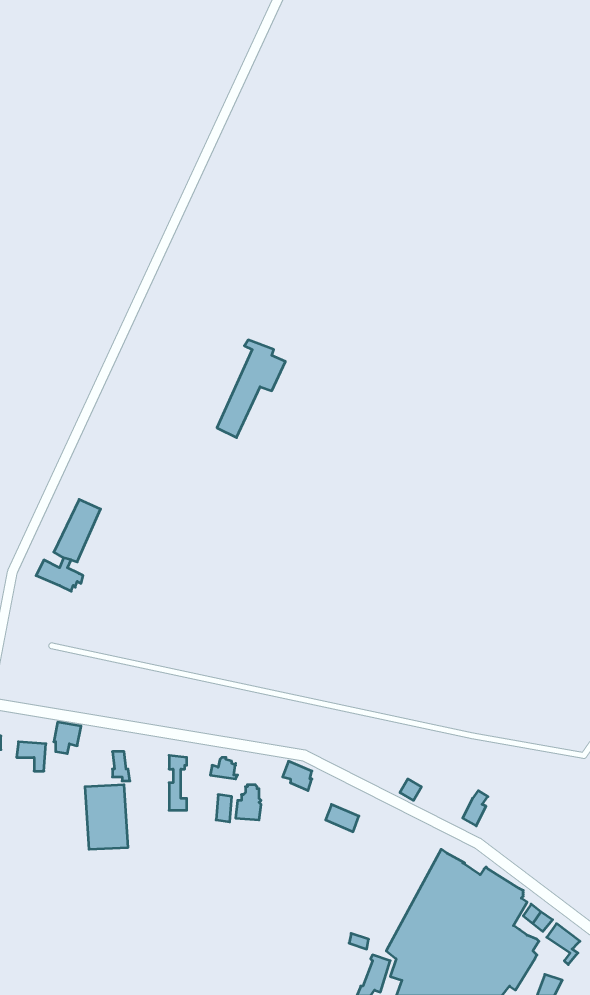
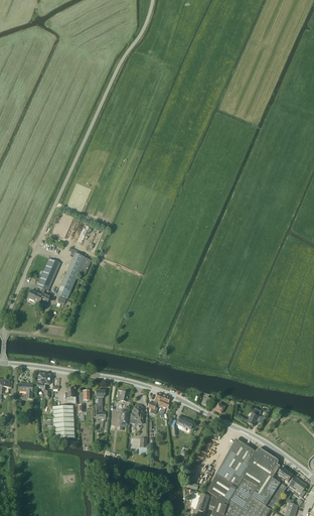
building: [217,340,285,438] -> [56,249,92,299]

